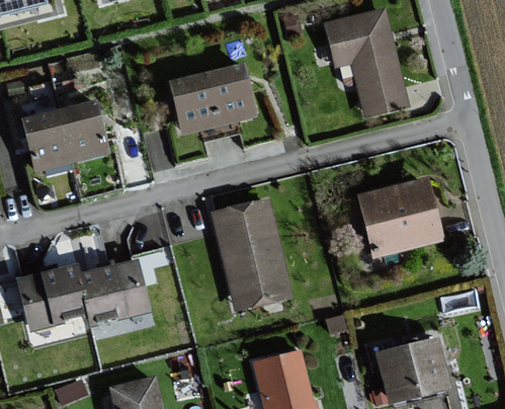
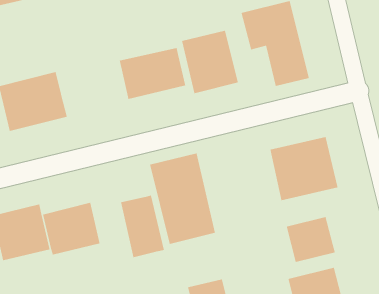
building: none -> [181,30,239,94]
building: none -> [120,195,165,258]
building: none -> [286,216,336,263]

